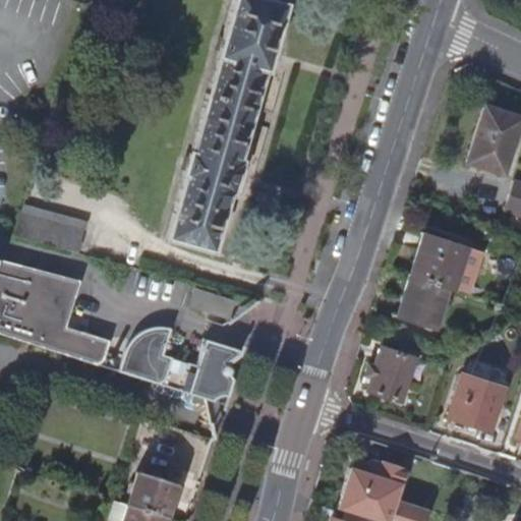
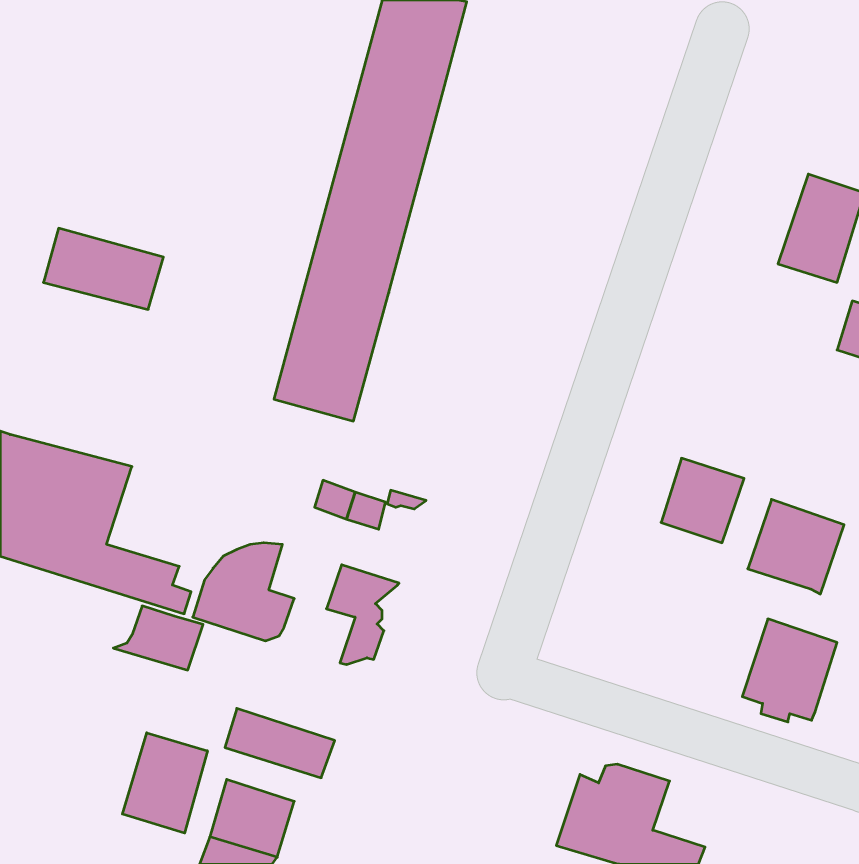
building: [17,205,90,253] -> [43,228,163,309]
building: [413,234,471,291] -> [748,499,844,594]
building: [369,347,417,400] -> none
building: [163,360,217,399] -> [113,606,203,670]
building: none -> [122,733,207,833]

